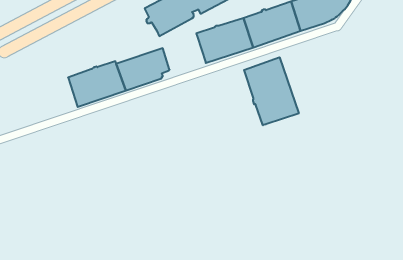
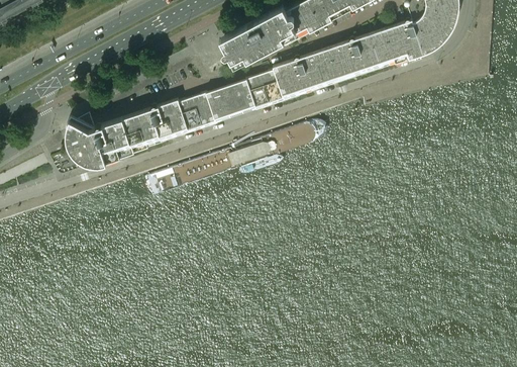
building: none -> [233,71,284,112]
building: [244,57,299,125] -> none
building: none -> [66,114,133,165]

